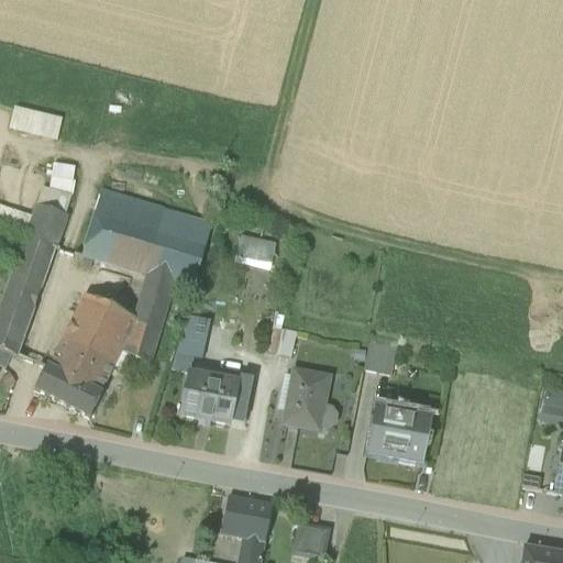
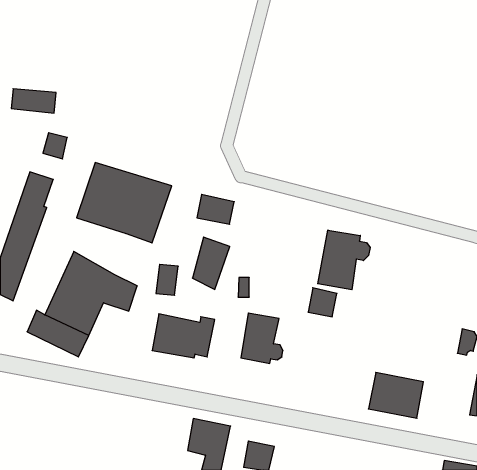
building: none -> [318,230,370,290]
building: [135,275,179,336] -> [192,237,230,289]
building: [365,406,430,460] -> [368,372,423,418]

